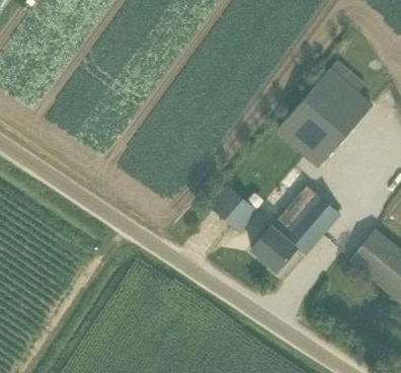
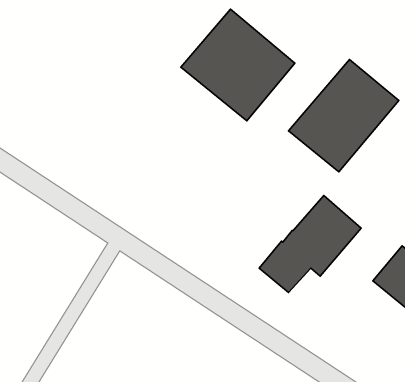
building: none -> [181,9,295,121]
building: [210,184,257,231] -> none

